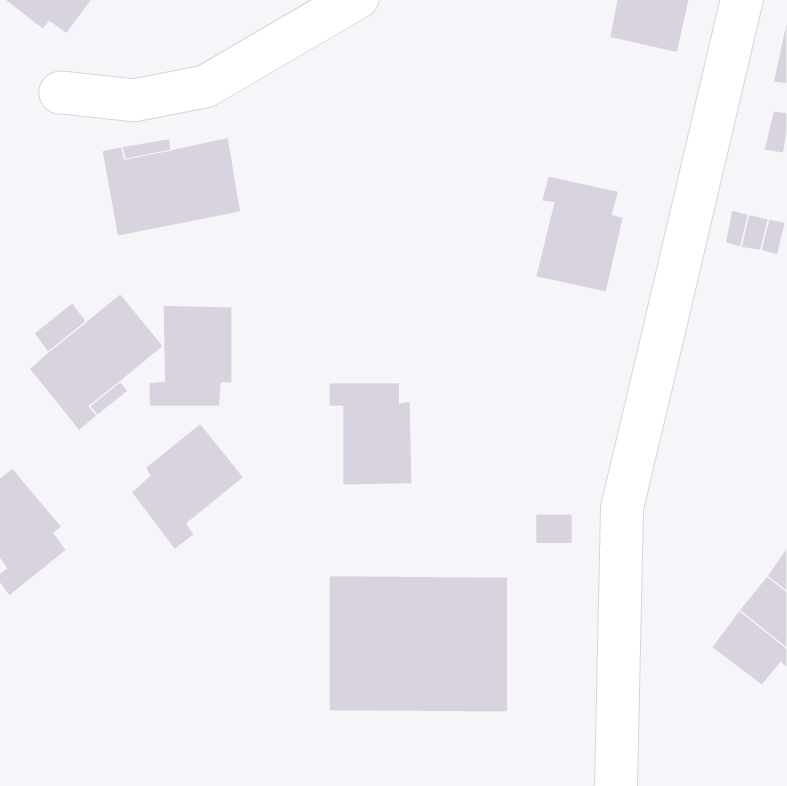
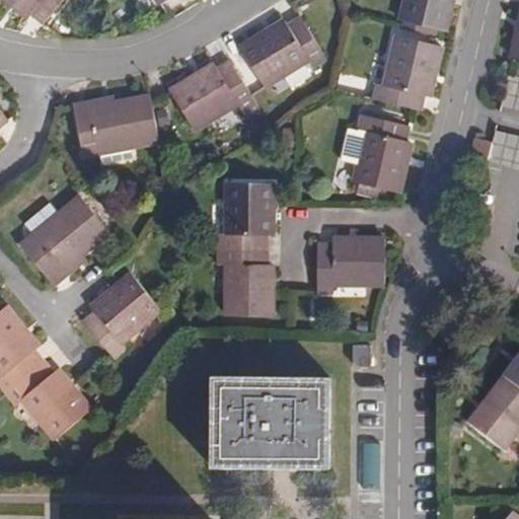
building: none -> [238,13,325,83]
building: none -> [372,39,440,110]
building: none -> [170,58,253,125]
building: [149,306,232,406] -> [216,186,271,251]
building: none -> [317,239,387,292]
building: none -> [6,361,95,439]

